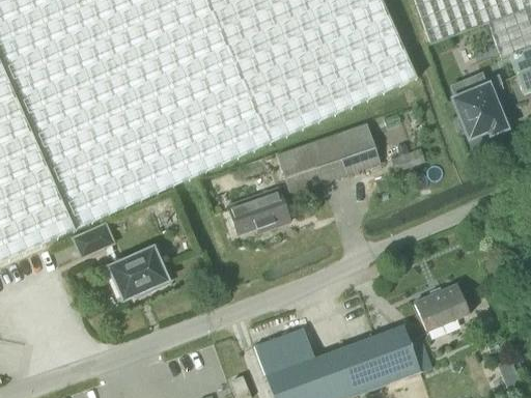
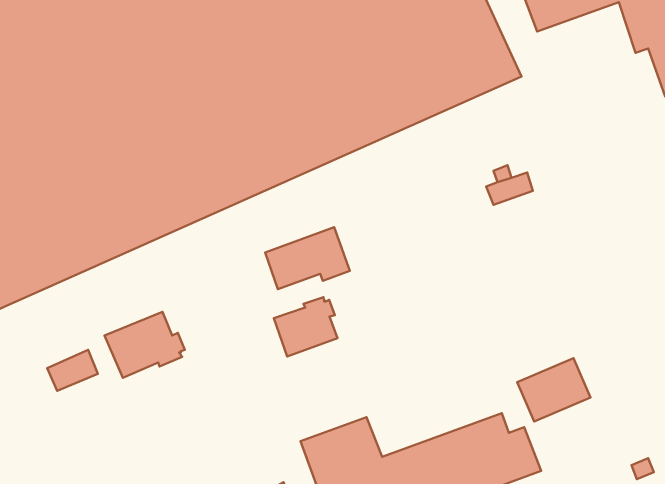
building: [453,75,507,138] -> none
building: [275,123,380,194] -> none
building: [74,226,111,256] -> [47,350,98,391]
building: none -> [274,297,338,357]

